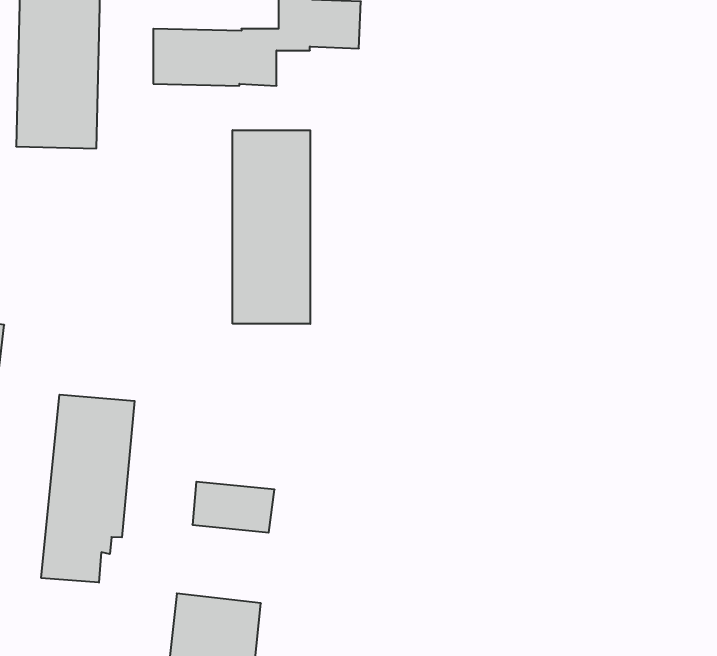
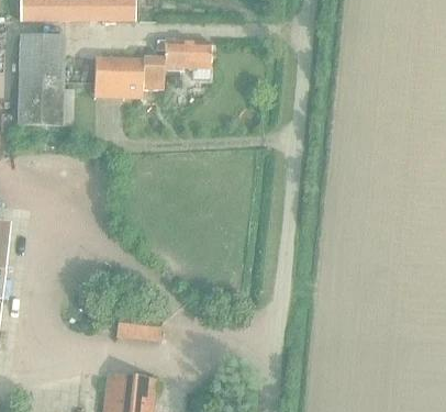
building: [233,130,310,324] -> none
building: [41,395,135,583] -> none

